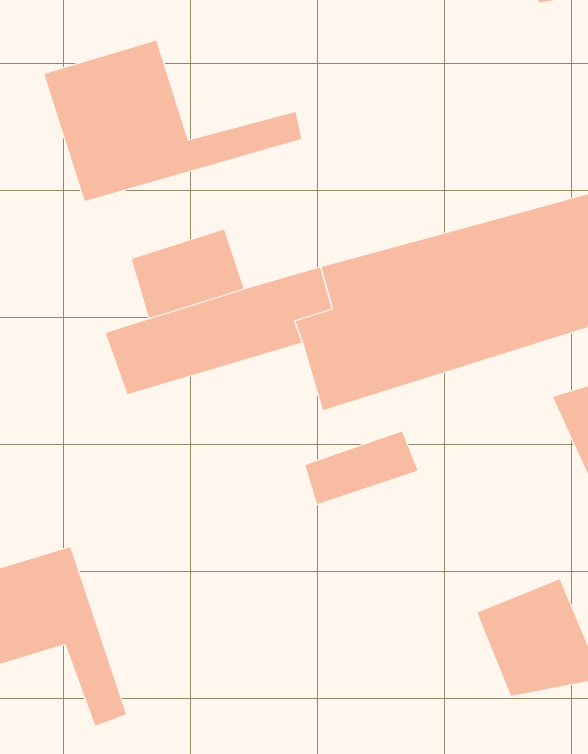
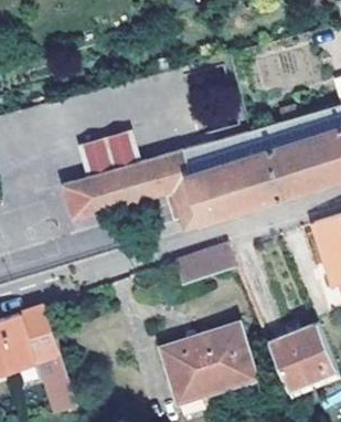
building: [44,40,302,202] -> none
building: none -> [161,321,259,403]

